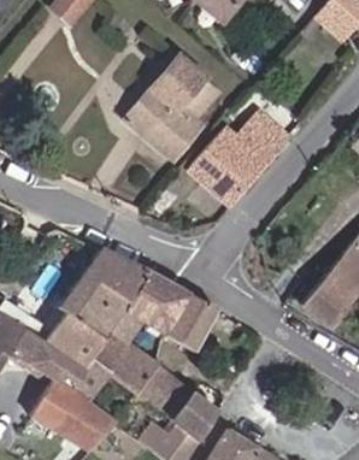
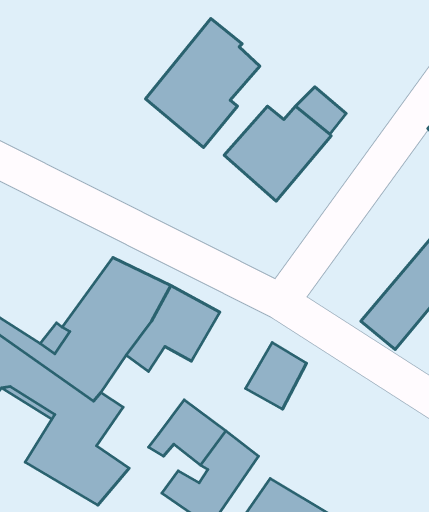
building: [165,295,214,349] -> [245,343,306,409]
building: [90,330,137,384] -> none

